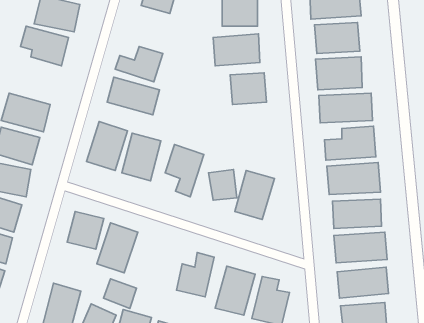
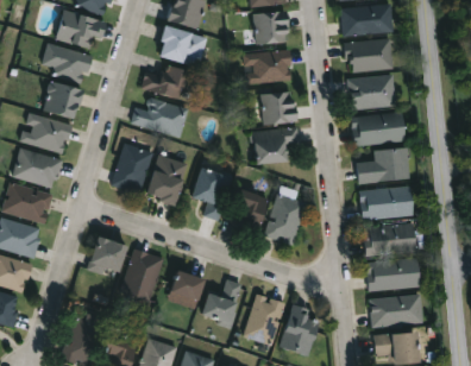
building: none -> [155,26,205,68]
building: none -> [40,81,82,119]
building: none -> [252,130,295,163]
building: [104,279,137,309] -> [171,270,206,301]

